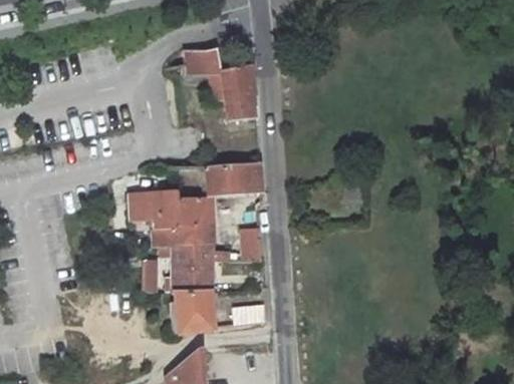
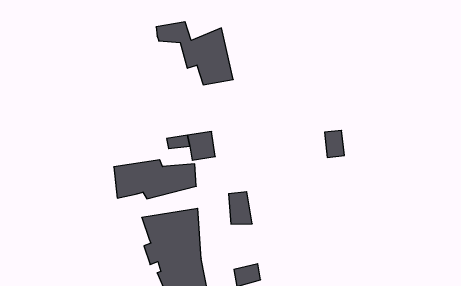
building: [232,166,265,193] -> none
building: [150,220,211,245] -> none

